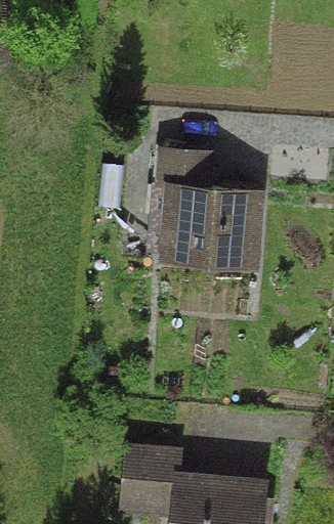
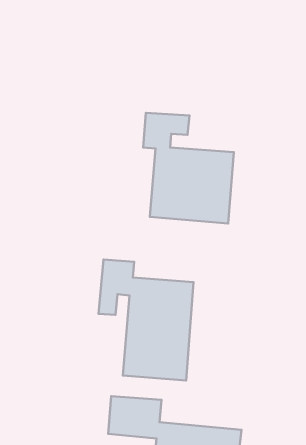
building: none -> [98,259,194,381]

